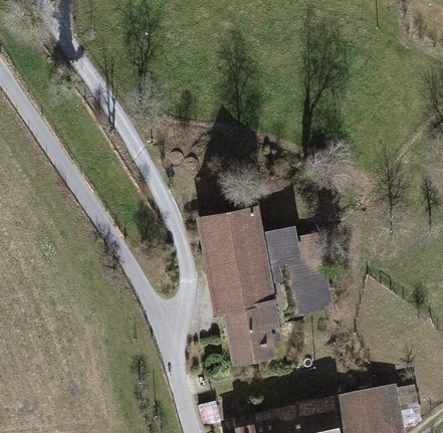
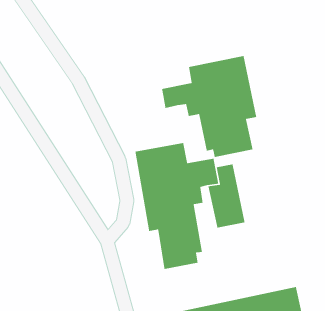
building: none -> [161,55,257,158]

